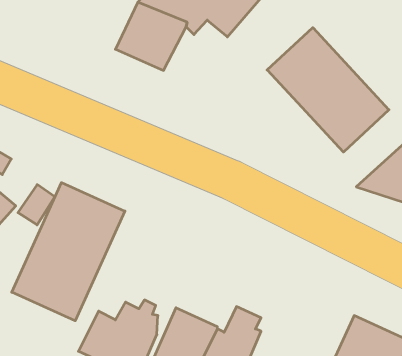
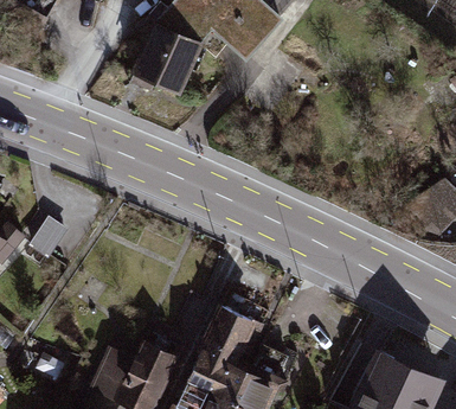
building: [267,28,389,152] -> none
building: [12,183,125,321] -> none
building: none -> [194,303,263,366]

